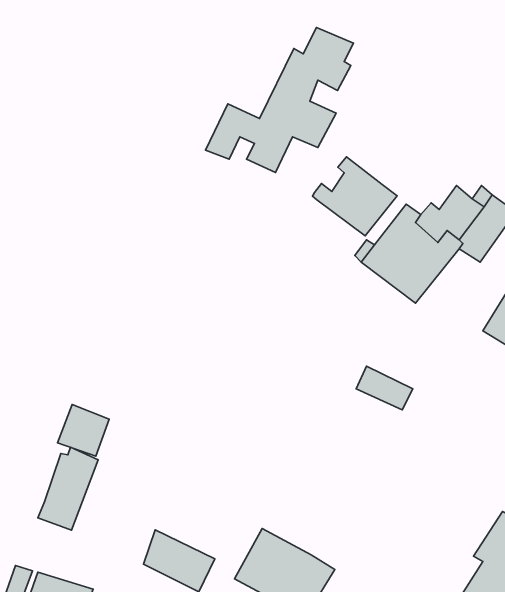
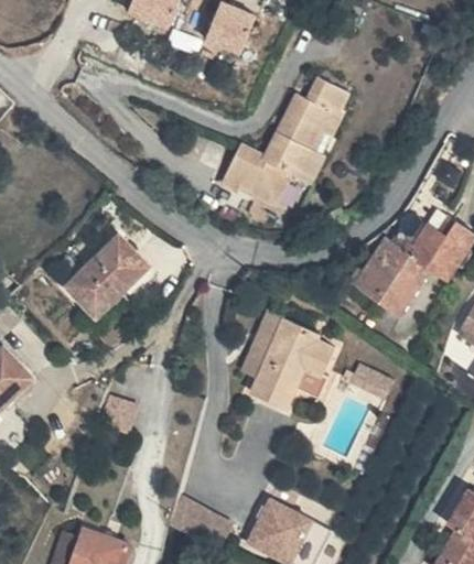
building: [312,157,397,236] -> none
building: none -> [64,238,149,321]
building: none -> [246,314,334,409]
building: [38,447,98,530] -> none

